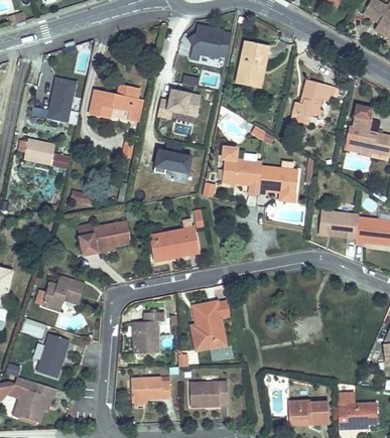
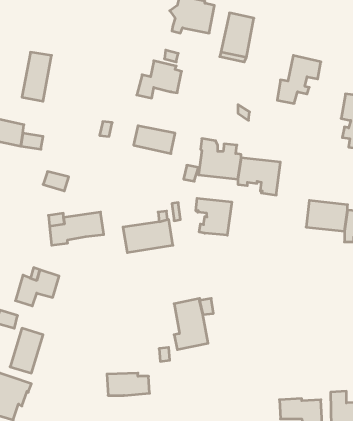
building: [86,86,138,122] -> none
building: none -> [196,198,232,235]
building: [136,312,164,352] -> none
building: [189,381,228,407] -> none

